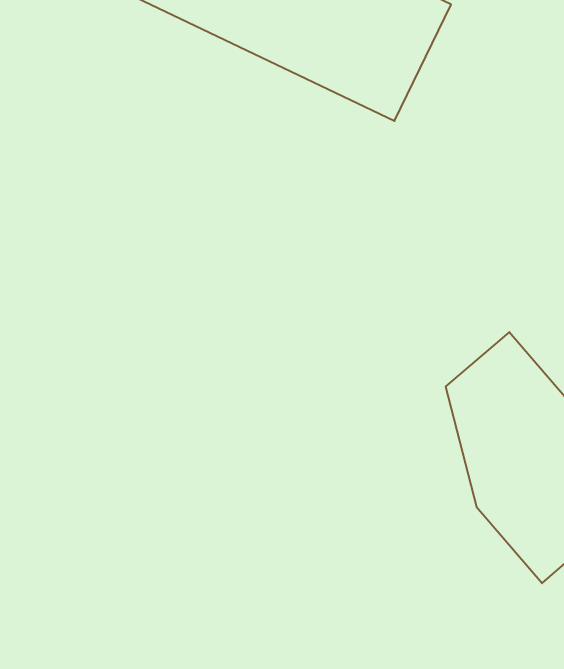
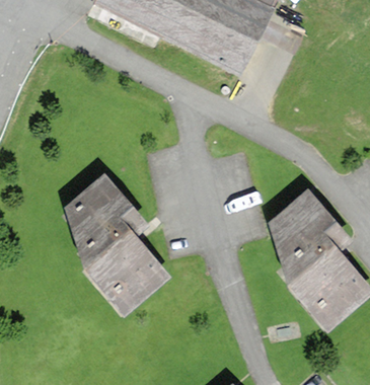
building: none -> [65,173,167,312]

